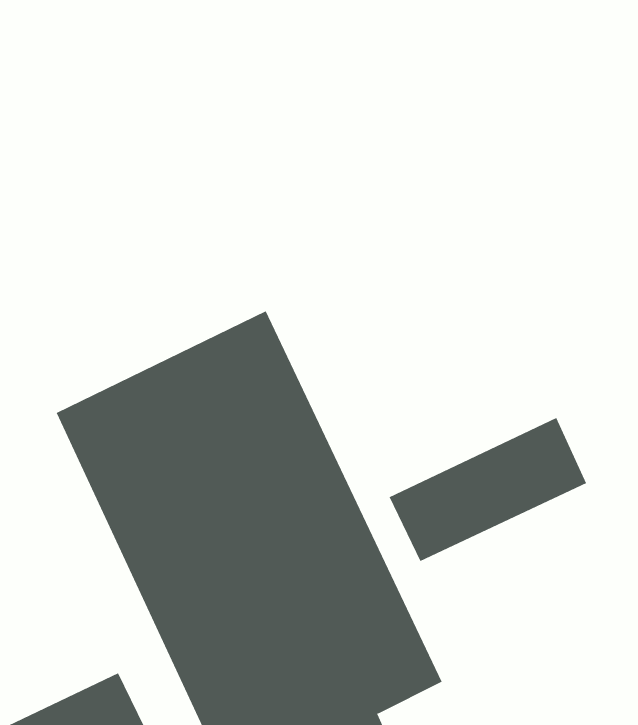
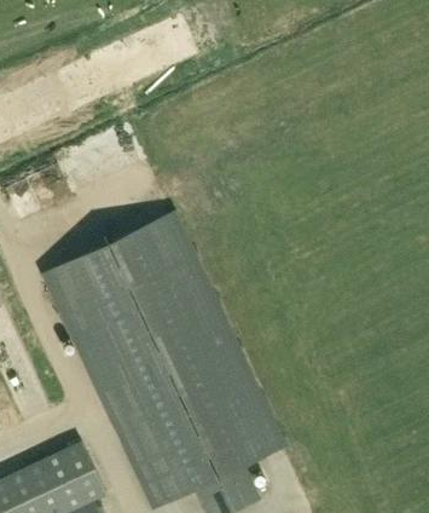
building: [389,417,587,562] -> none

